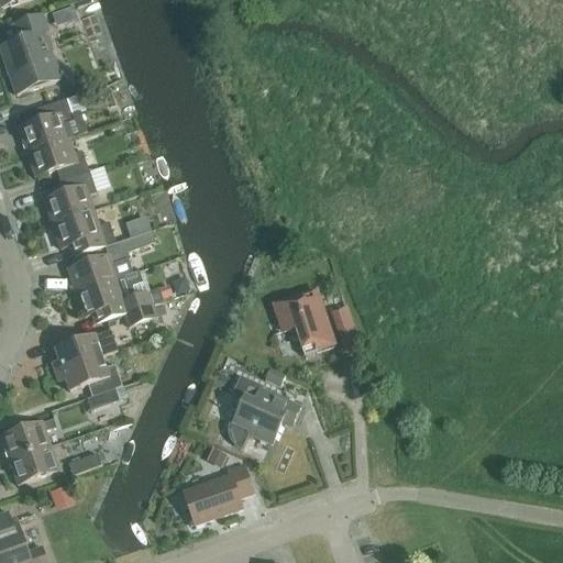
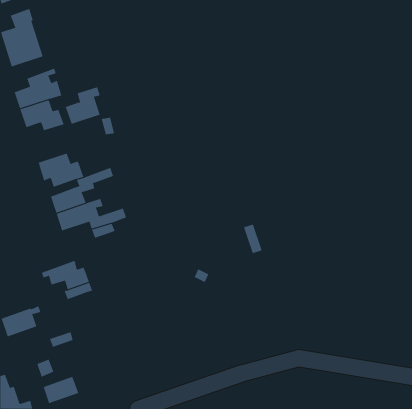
building: [43,169,91,221] -> [65,87,100,125]
building: [274,287,332,350] -> none
building: [53,318,124,371] -> none
building: [229,375,299,445] -> none
building: [10,444,59,482] -> [43,376,79,404]
building: [184,463,254,523] -> none

